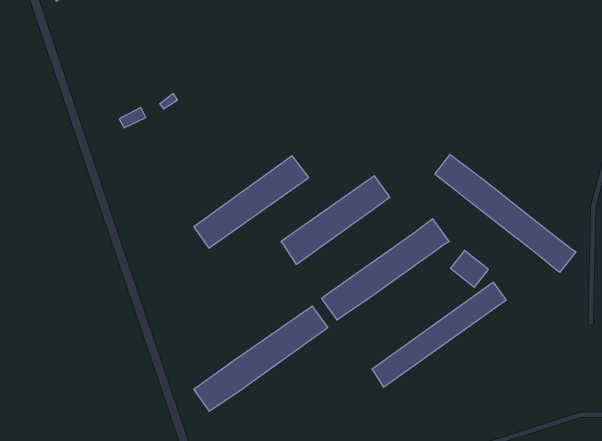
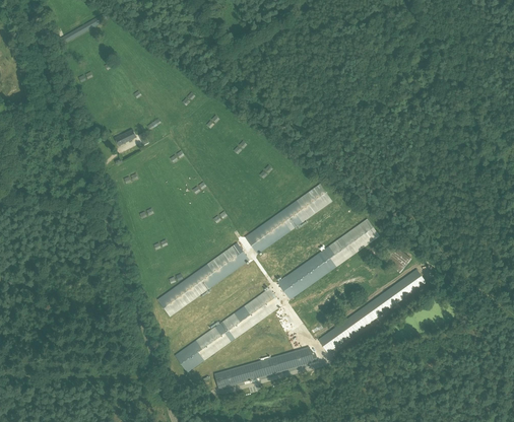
building: [435,154,576,272] -> none
building: [194,156,309,248] -> [157,241,250,315]
building: none -> [215,348,318,389]

